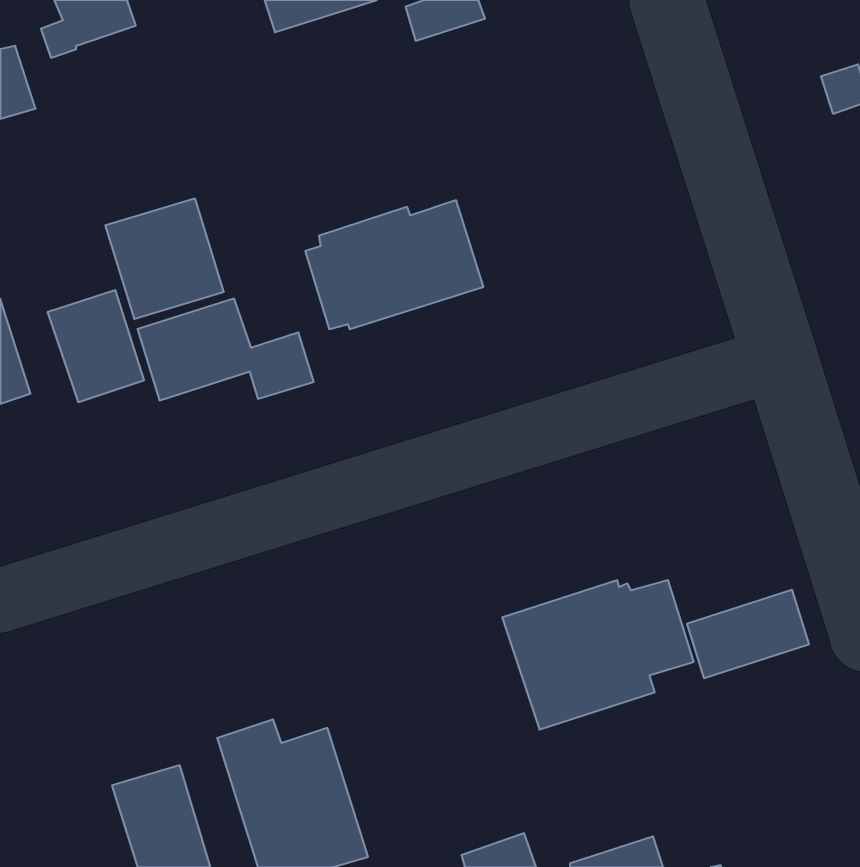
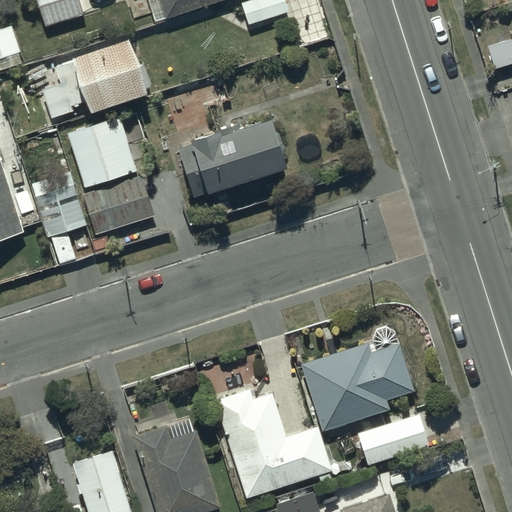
building: none -> [42,39,155,119]
building: [687,590,809,678] -> [358,413,430,465]
building: none -> [209,389,332,496]

